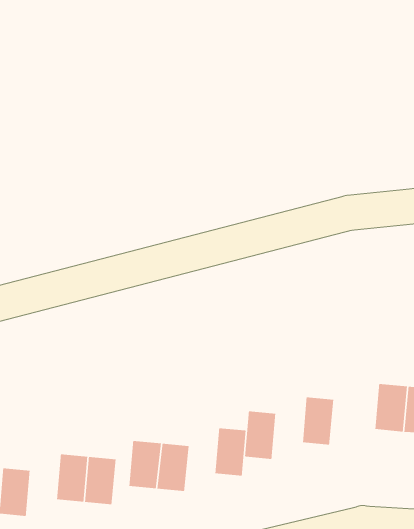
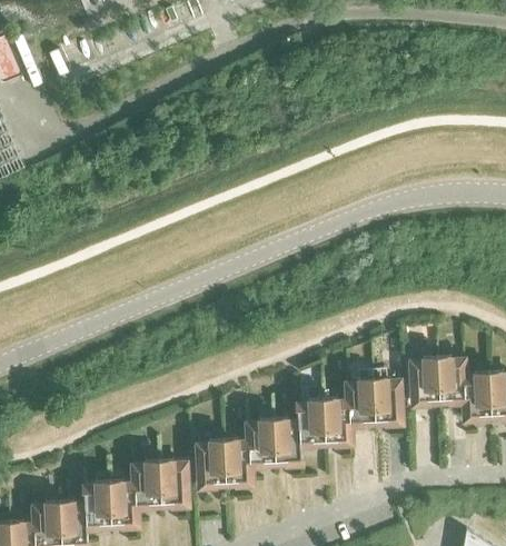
building: none -> [321,380,349,441]
building: none -> [371,378,399,421]
building: none -> [247,419,274,482]
building: none -> [108,463,136,524]

